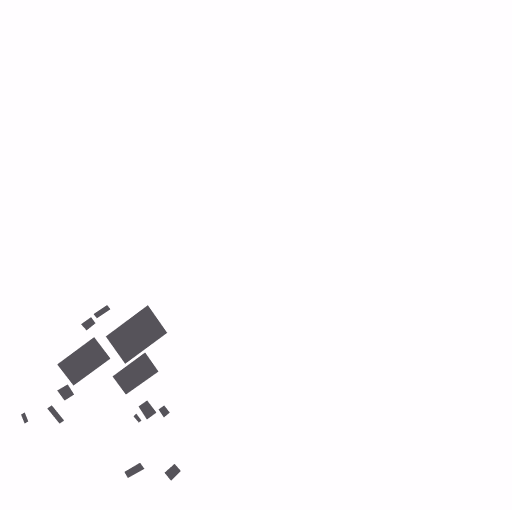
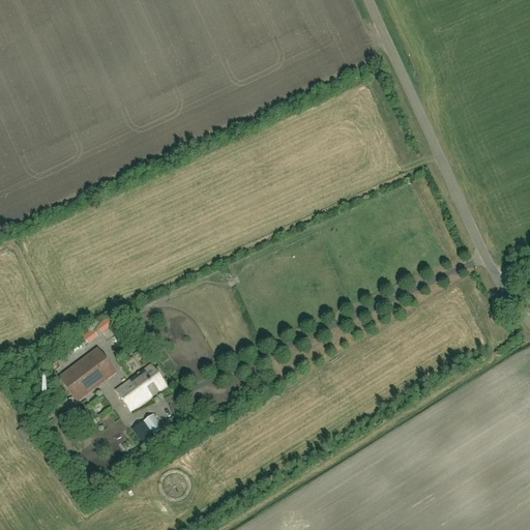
building: [105,304,168,365] -> none

